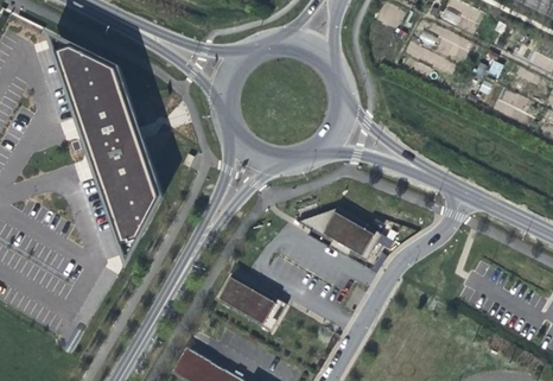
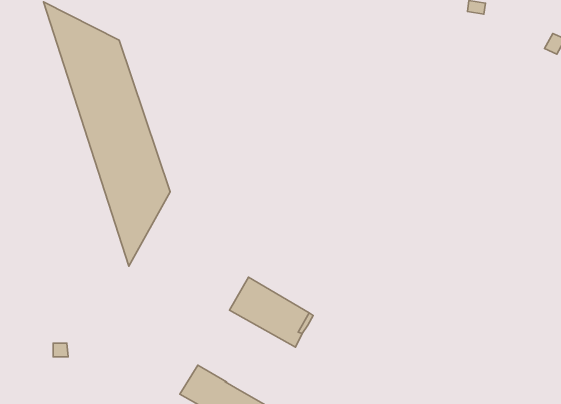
building: [295,208,381,261] -> none

